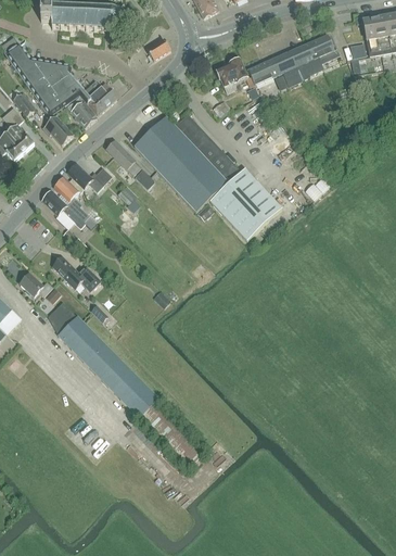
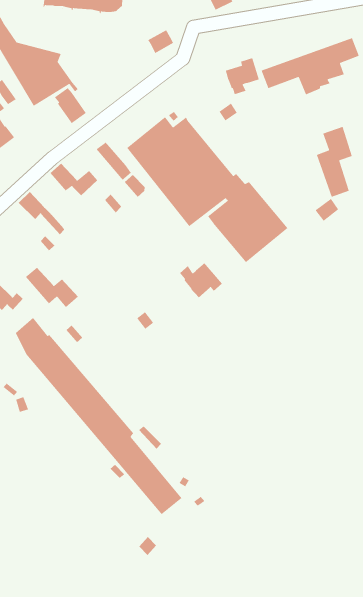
building: [82,80,117,115] -> none
building: none -> [316,126,353,198]
building: [41,114,73,144] -> none
building: [54,176,88,220] -> none
building: none -> [179,262,223,298]

